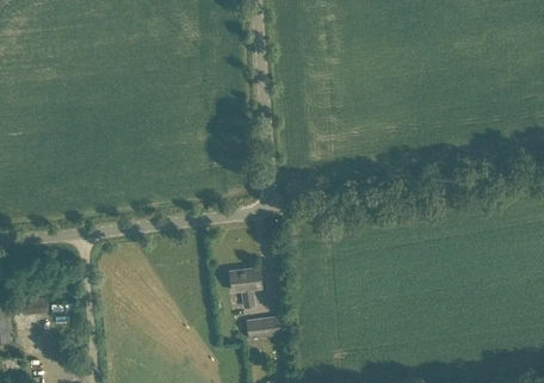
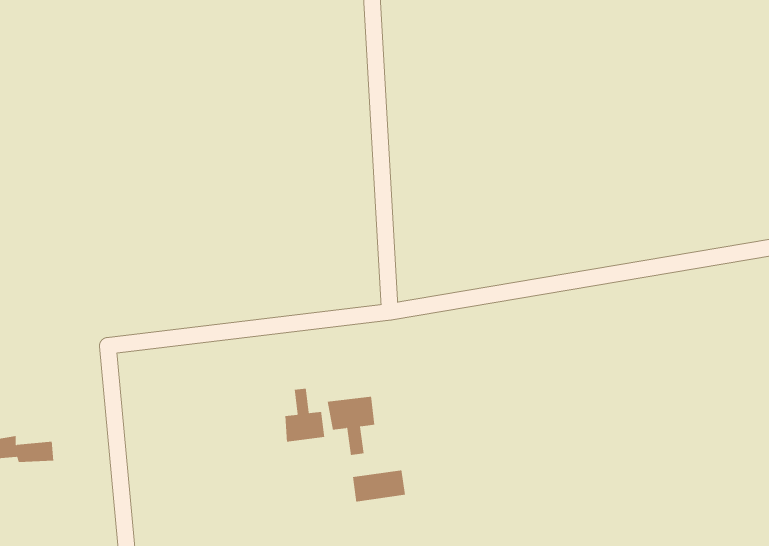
building: none -> [285,388,325,442]

